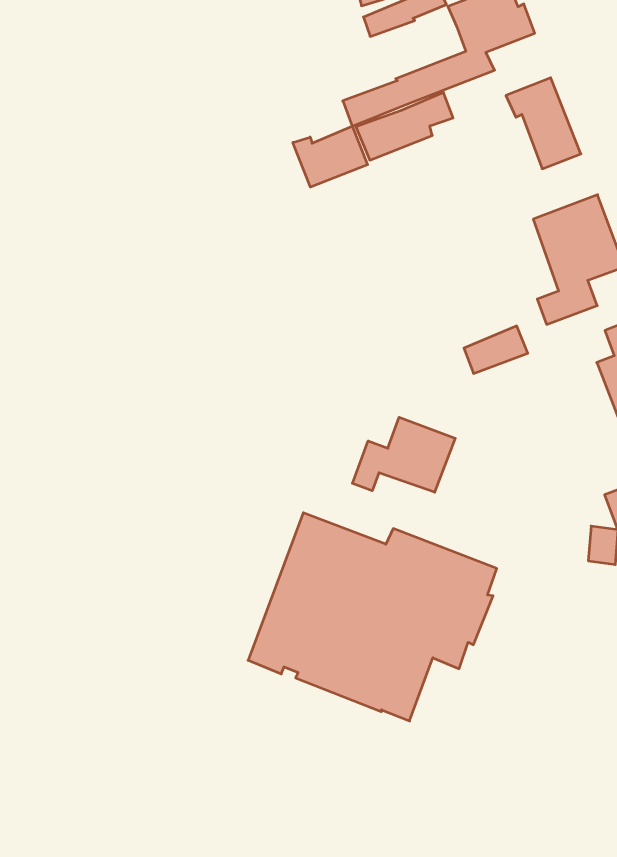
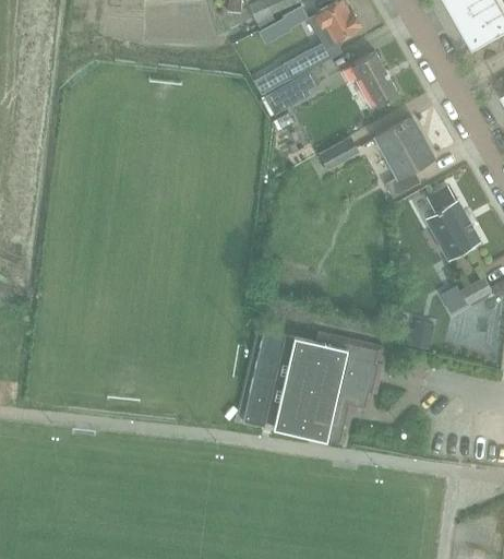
building: [293,126,368,187] -> none
building: [464,326,528,373] -> [320,138,358,169]
building: [352,417,455,492] -> none

